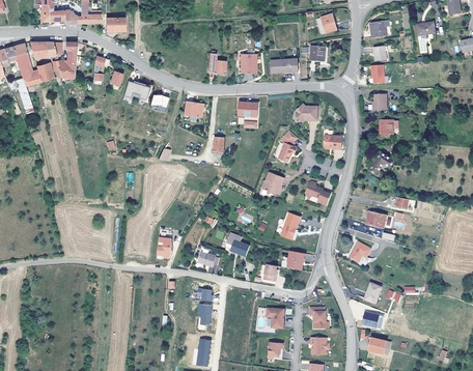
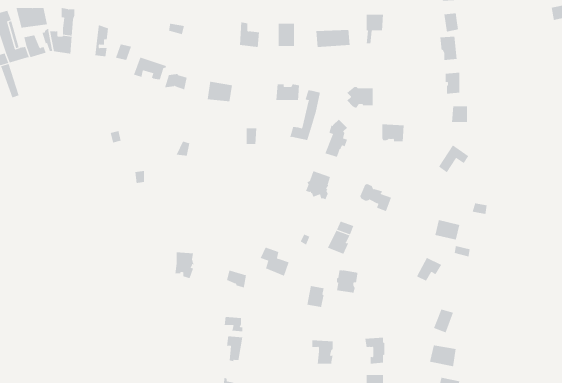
building: none -> [290,90,320,141]

